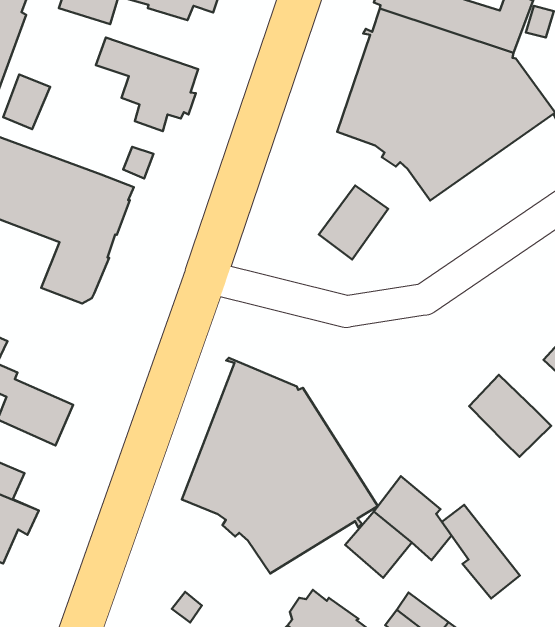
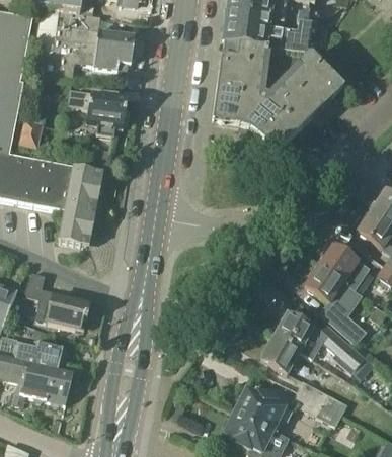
building: [319,186,388,259] -> none
building: [182,358,378,574] -> none
building: none -> [305,265,366,345]

